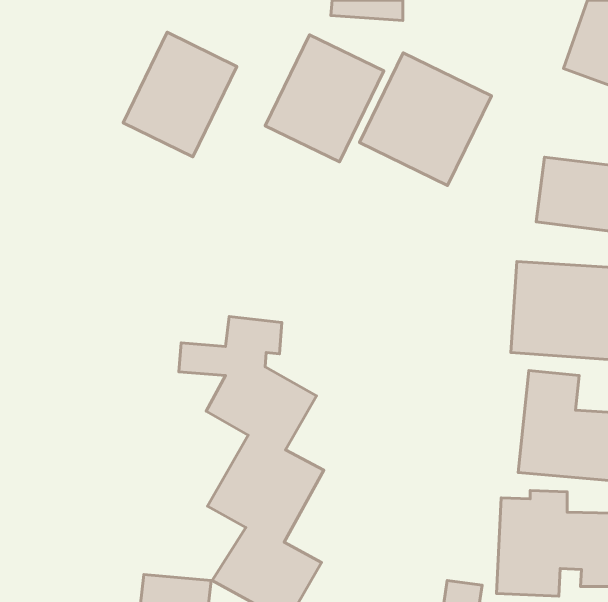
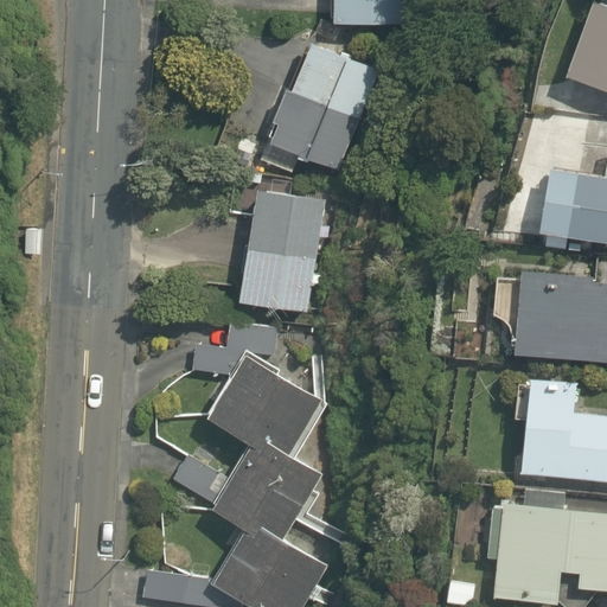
building: [123,32,237,157] -> none
building: [359,53,491,186] -> none
building: none -> [241,185,332,313]

